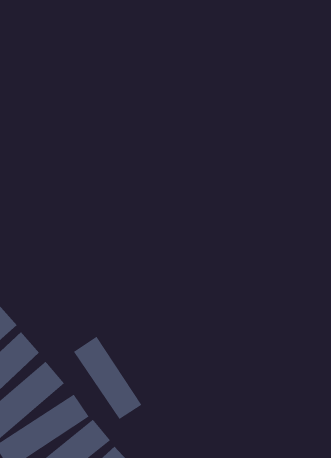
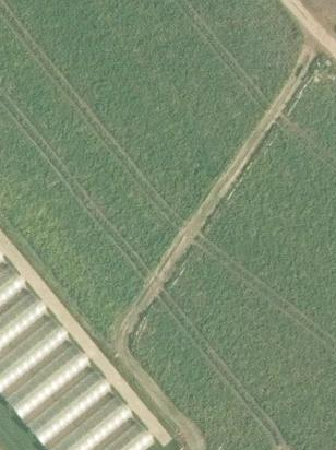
building: [73,336,142,420] -> none

